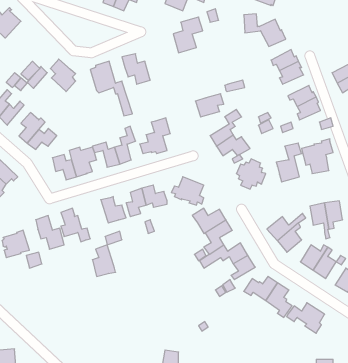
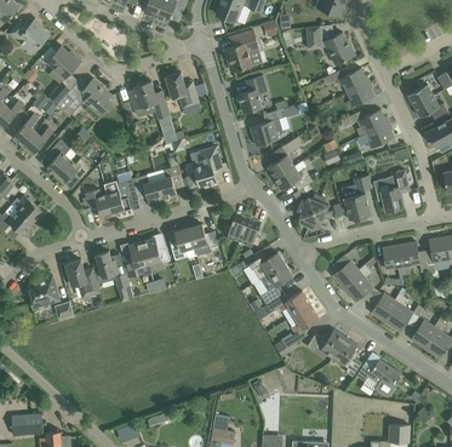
building: none -> [46,45,81,78]
building: none -> [238,74,267,111]
building: [92,245,116,276] -> [124,240,150,276]

